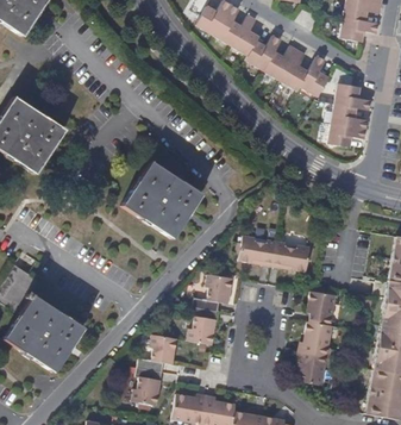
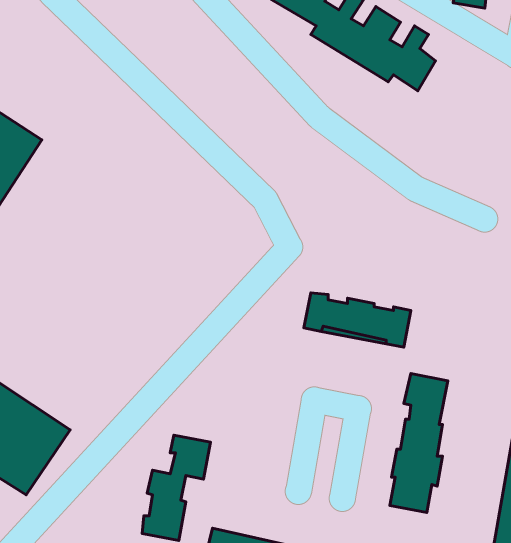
building: [328,82,371,149] -> none
building: [119,163,200,242] -> none
building: [188,271,233,343] -> none

